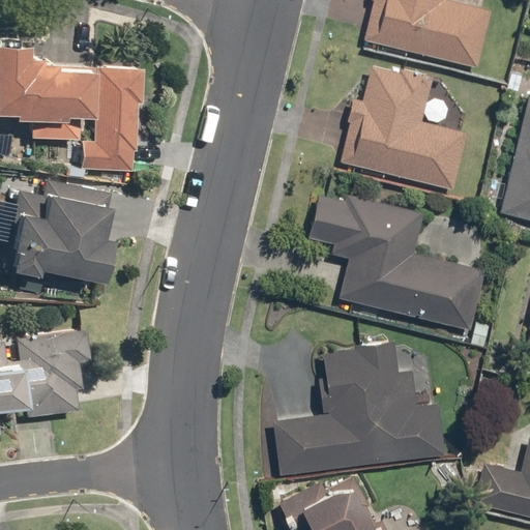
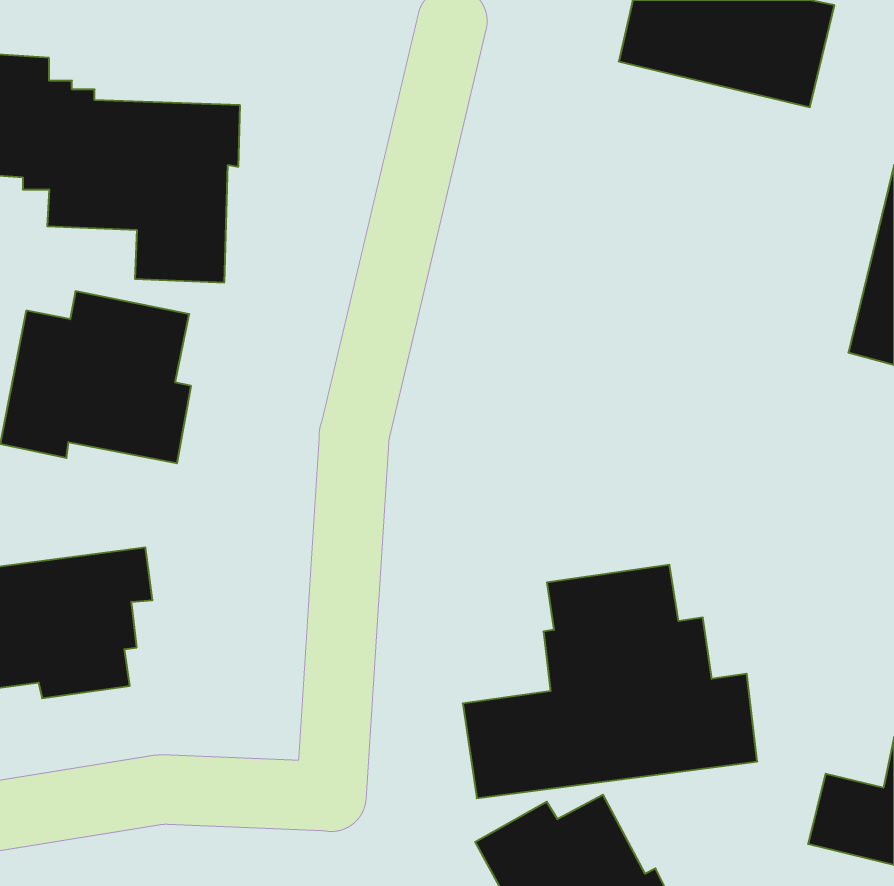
building: [341,60,470,192] -> none
building: [310,194,487,331] -> none

